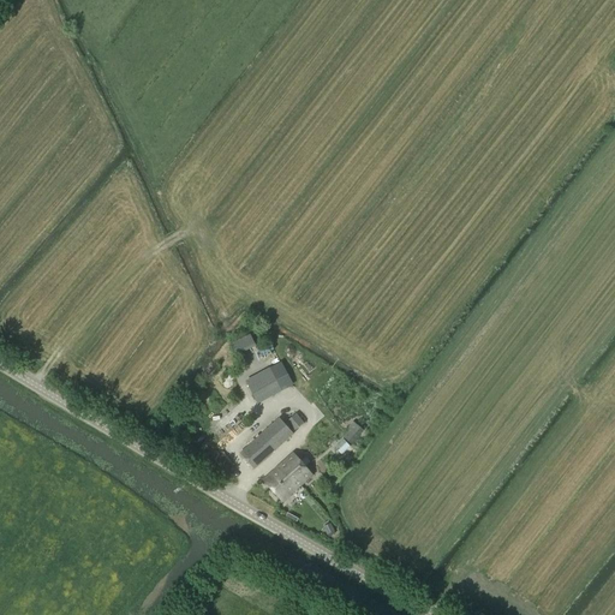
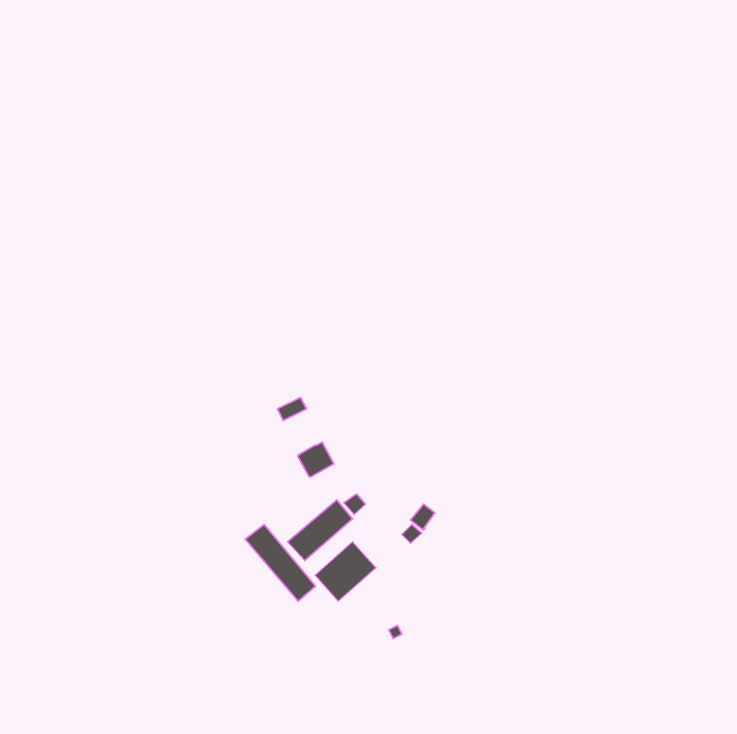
building: none -> [245,525,316,601]

